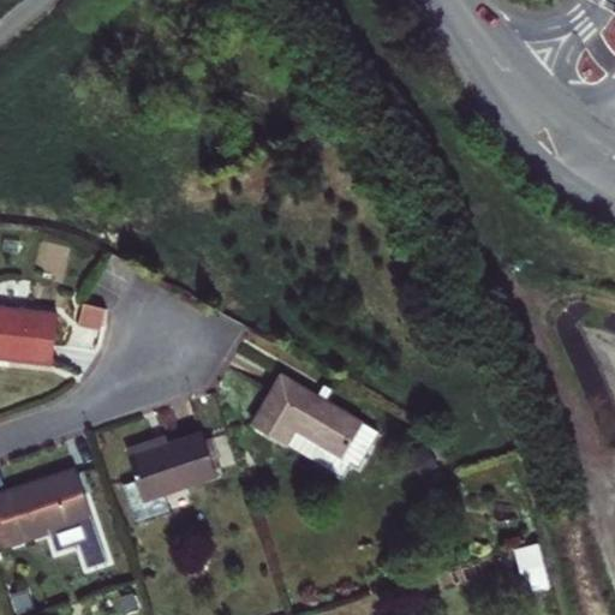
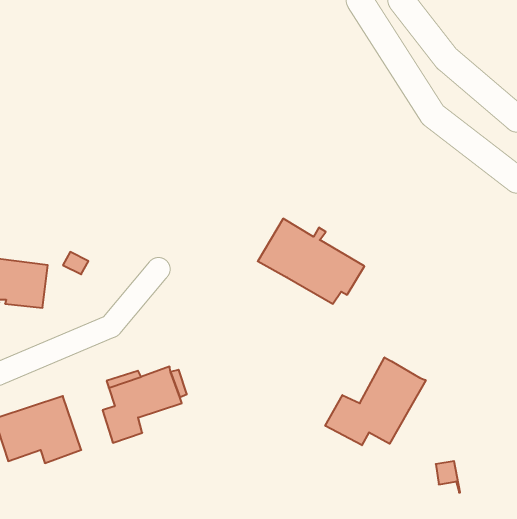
building: [250,375,376,476] -> [258,219,364,304]
building: none -> [325,357,426,445]

